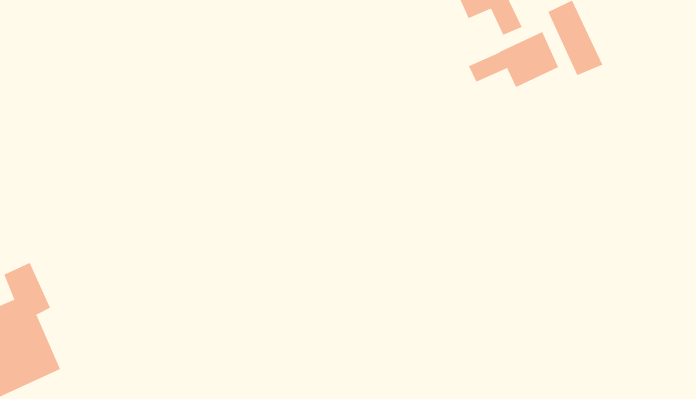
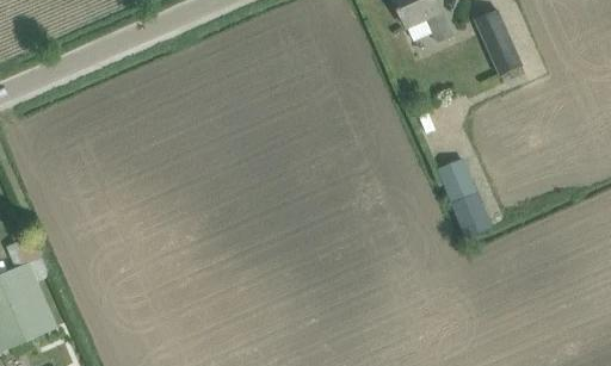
building: [468,31,559,88] -> none
building: none -> [440,165,490,236]

